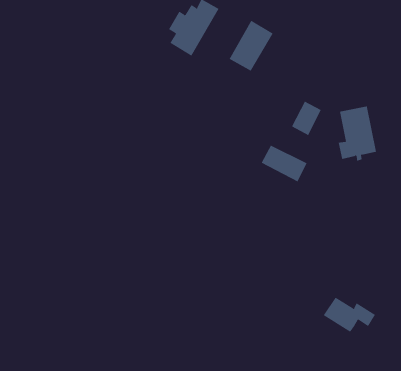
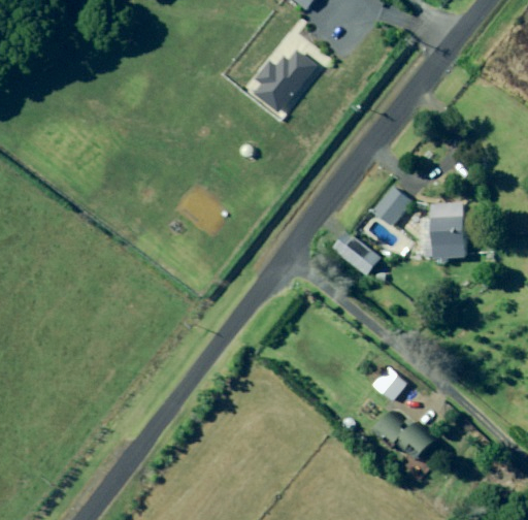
building: [229,20,274,71] -> none
building: none -> [373,368,406,401]

